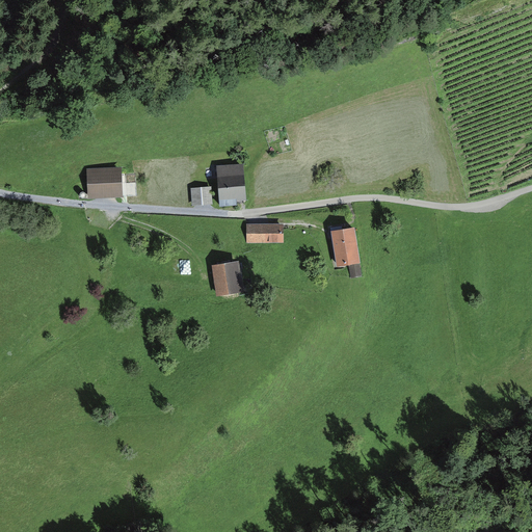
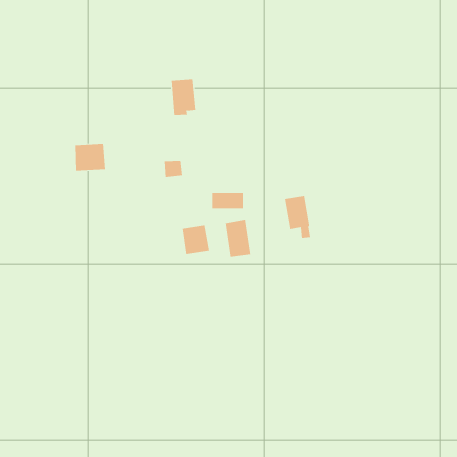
building: [216,163,245,206] -> [171,79,196,116]
building: none -> [225,219,251,257]

